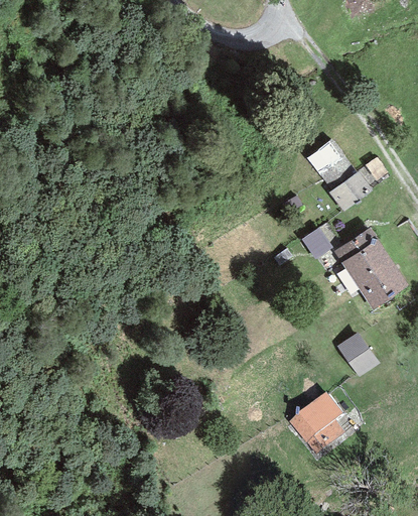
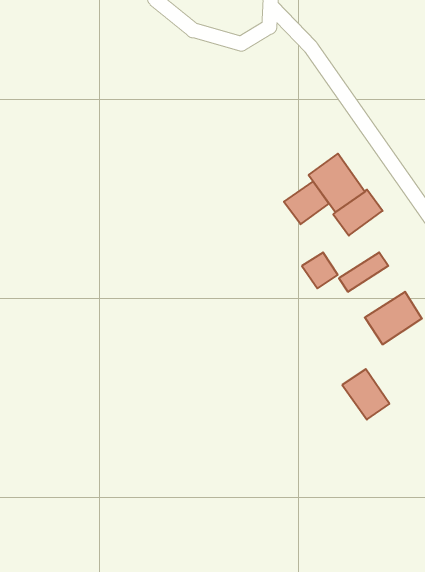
building: none -> [284,181,329,224]
building: [341,239,393,285] -> none
building: [289,391,343,454] -> none

